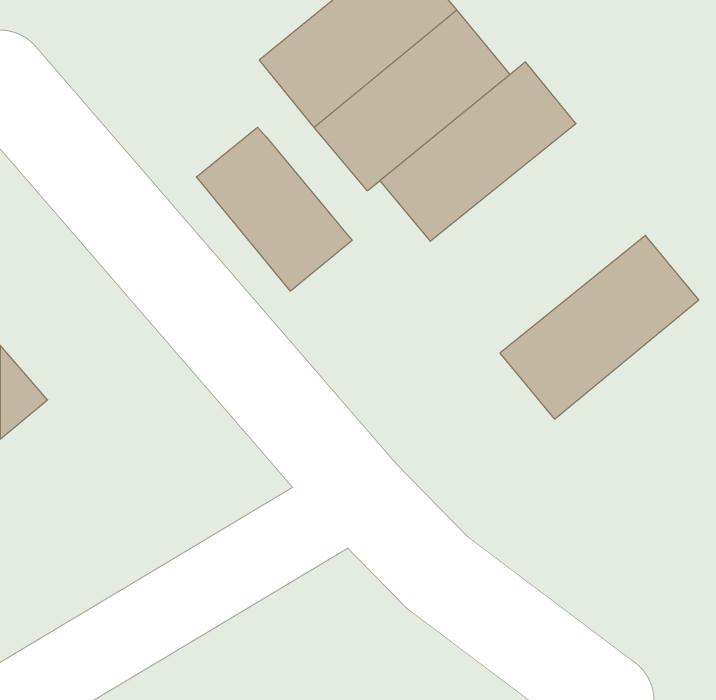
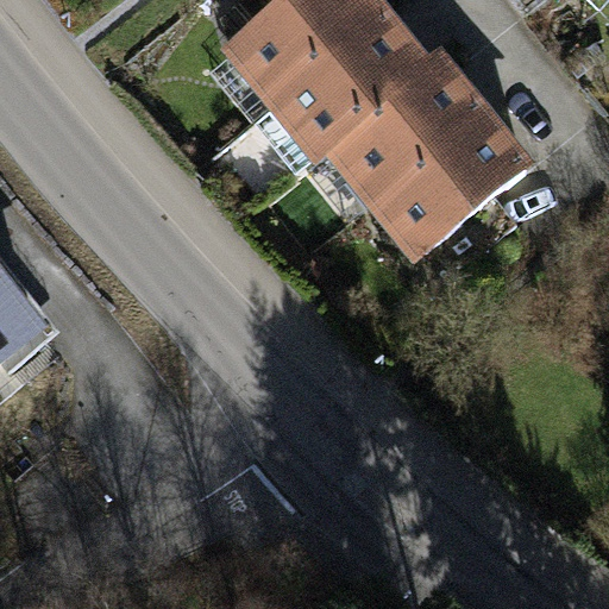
building: [196,127,352,291] -> none
building: [500,235,699,419] -> [365,105,534,260]

